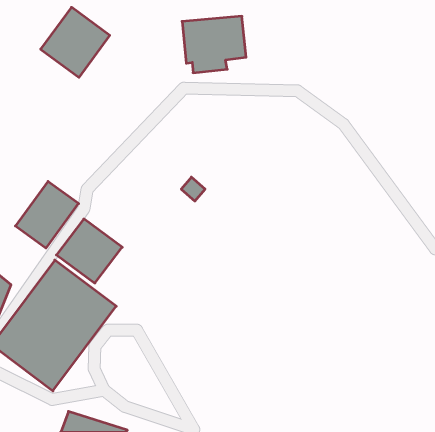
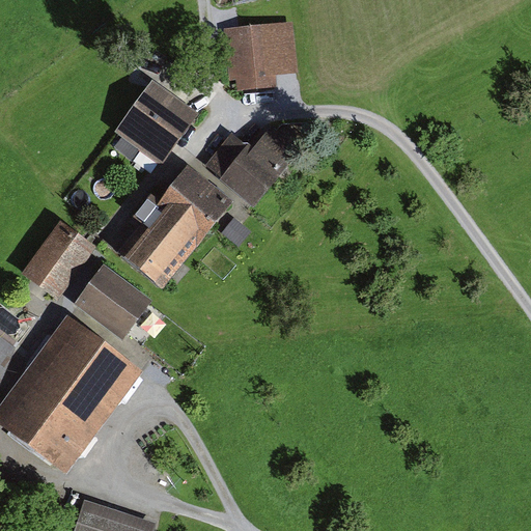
building: [41,7,110,77] -> [113,80,197,165]
building: none -> [203,125,299,207]
building: none -> [116,167,231,289]

